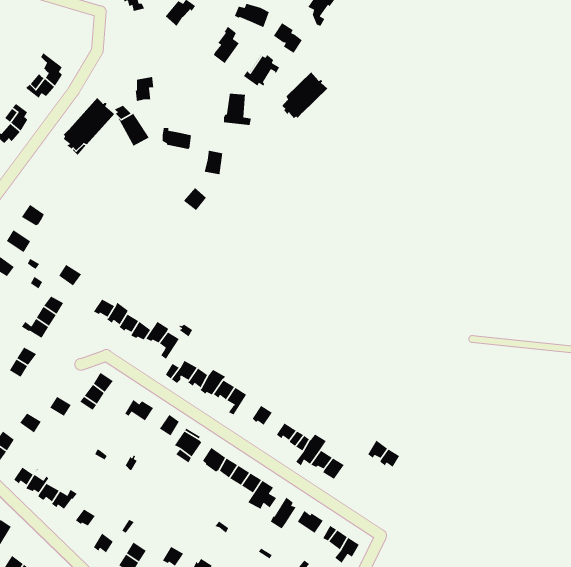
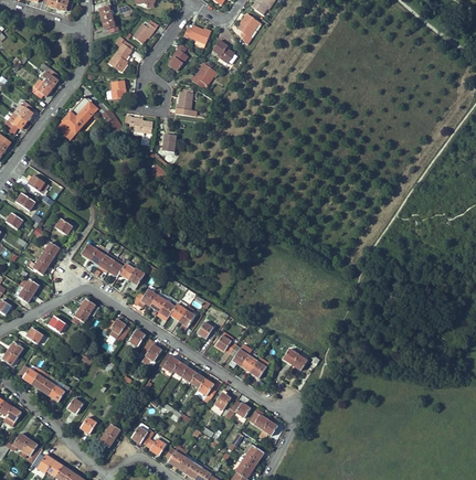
building: none -> [108,35,135,72]
building: [281,72,328,119] -> none

